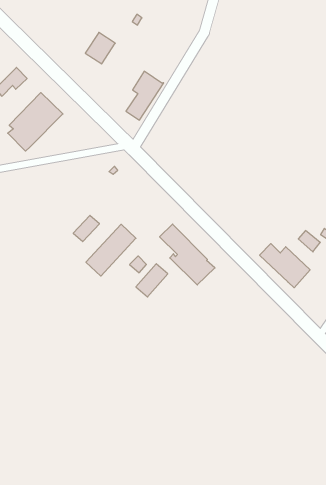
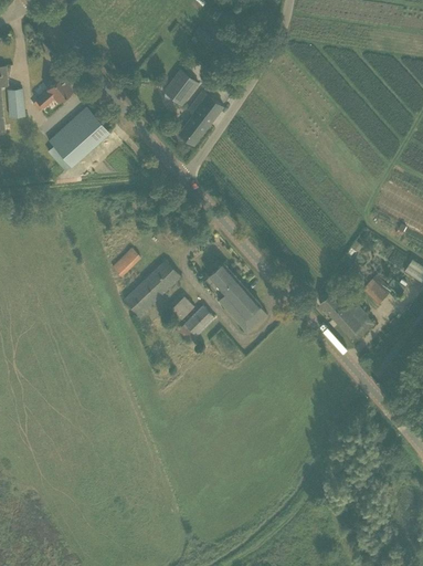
building: [85,32,115,64] -> [165,70,199,105]

